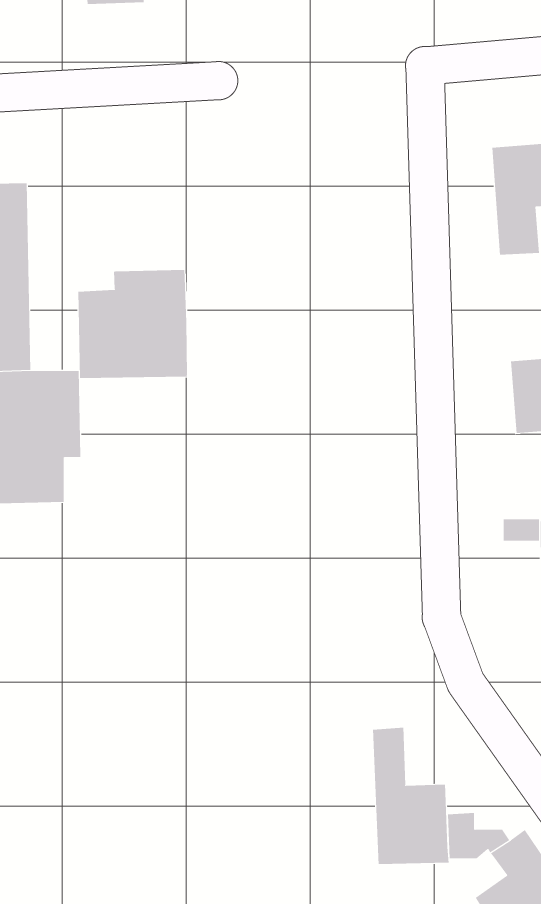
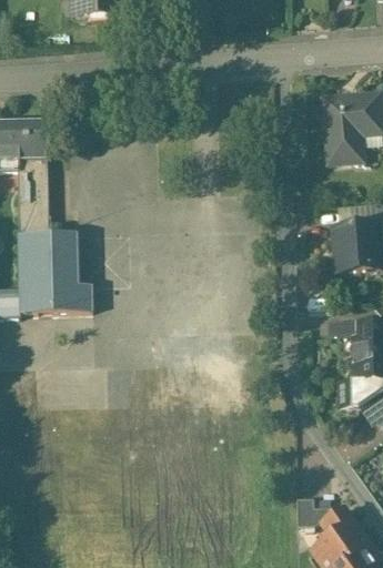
building: [78,269,187,379] -> none
building: none -> [67,283,91,311]
building: [373,727,449,865] -> none

